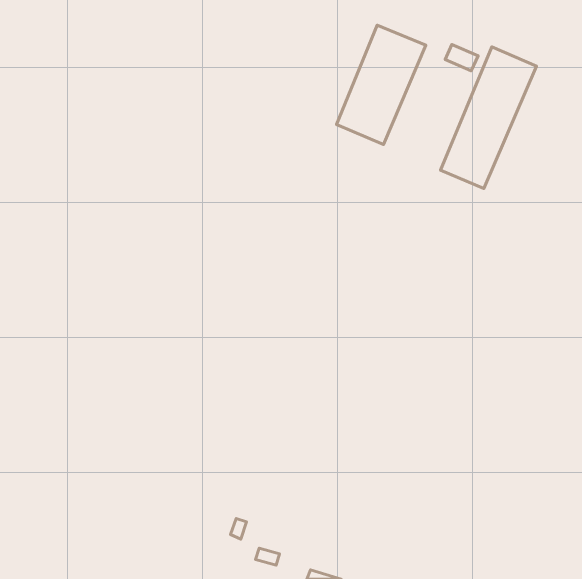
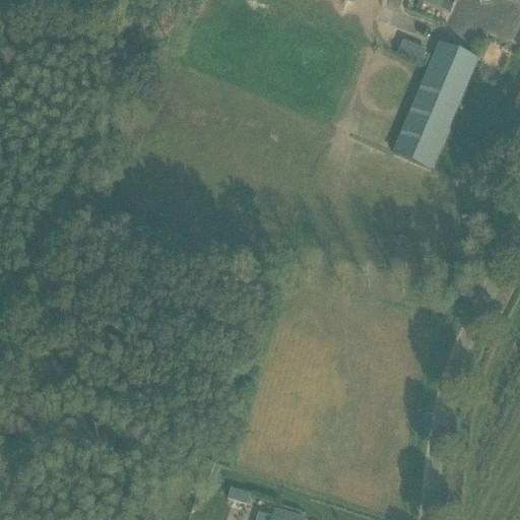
building: [337,25,426,144] -> none

